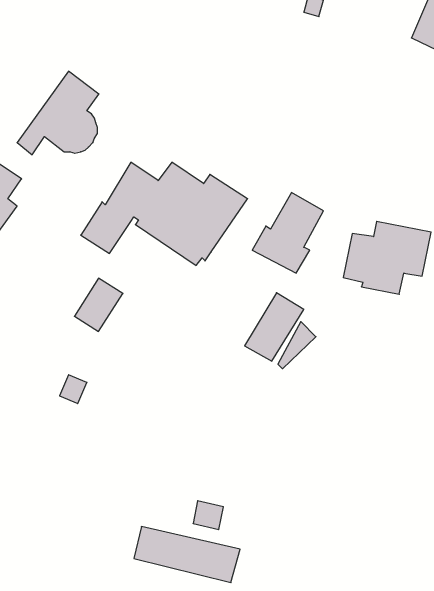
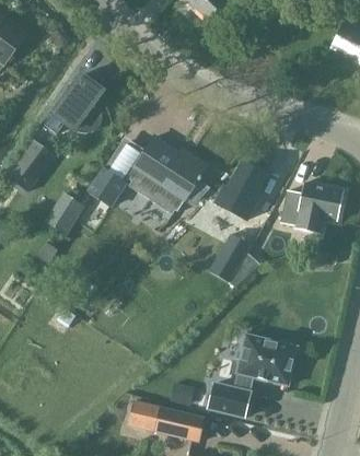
building: [74,278,123,331] -> [49,194,84,232]
building: none -> [208,335,298,417]

